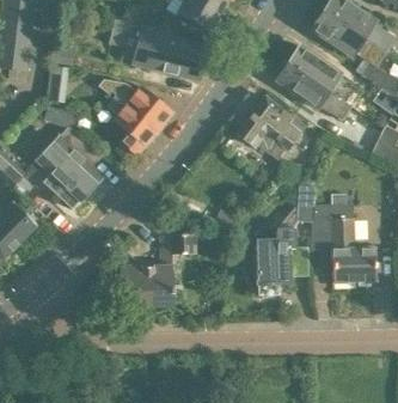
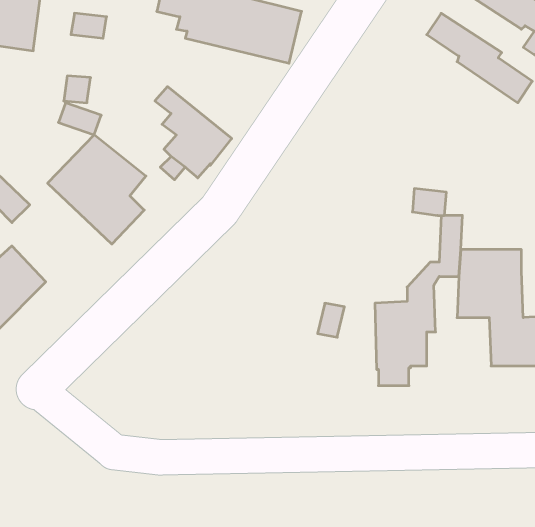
building: [276,60,350,120] -> none
building: [97,79,172,129] -> none
building: [237,97,304,160] -> none
building: [117,233,192,305] -> none

